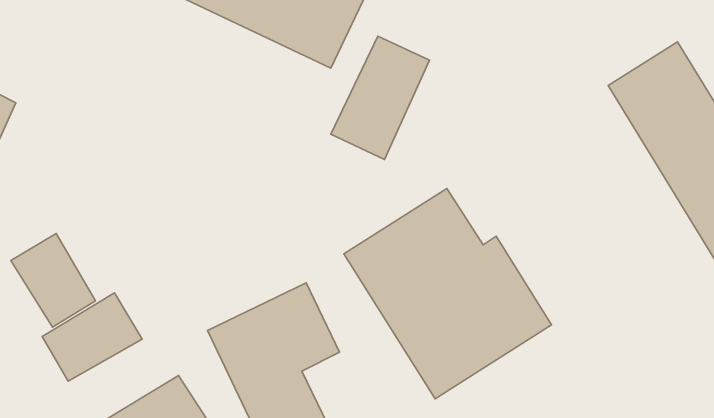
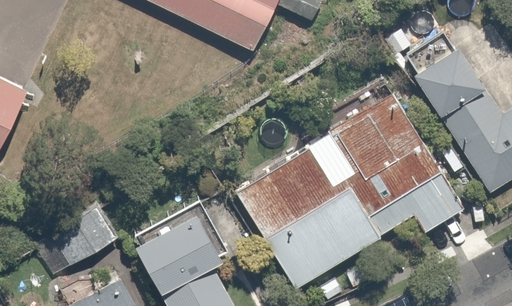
building: [331,36,430,159] -> none
building: none -> [337,90,466,229]
building: [11,234,96,327] -> none

